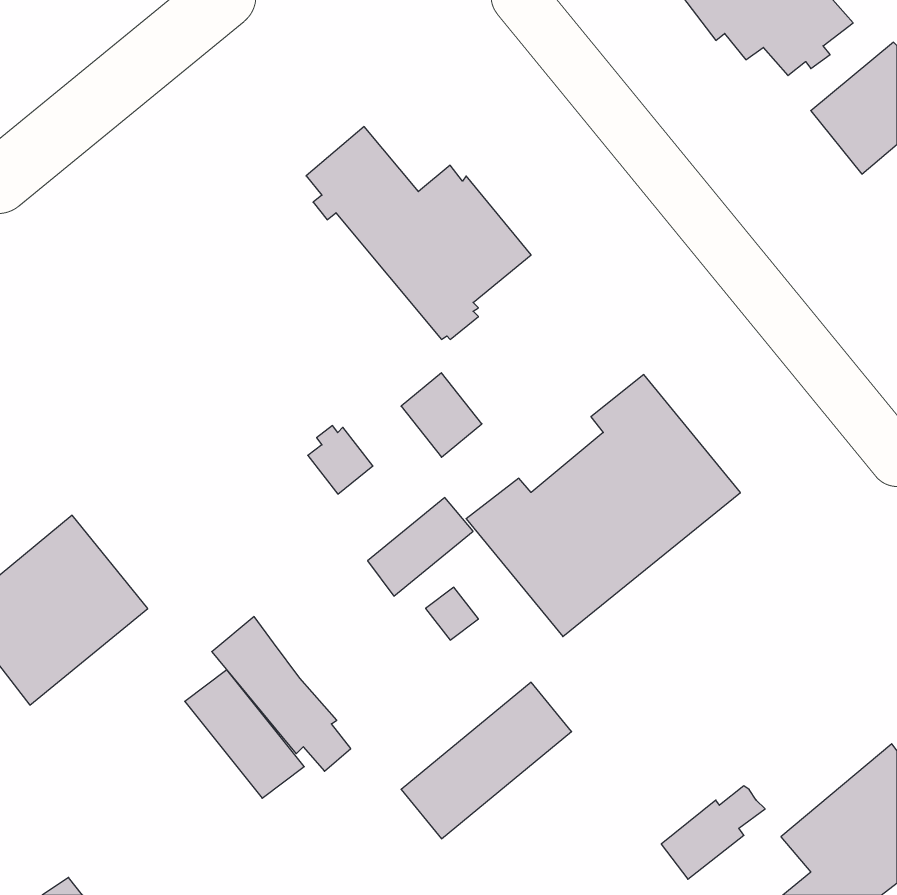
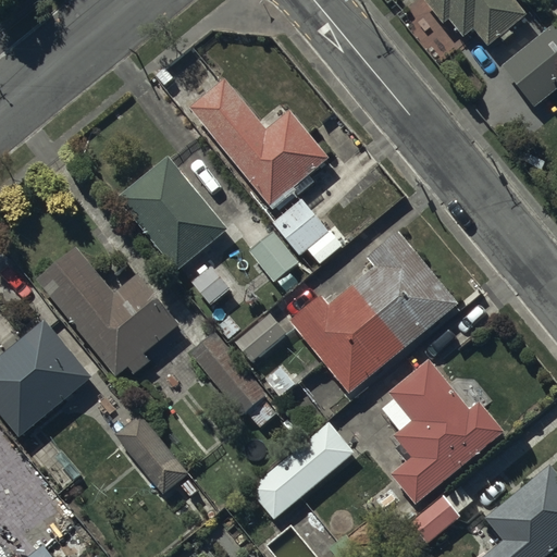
building: none -> [115,157,227,272]
building: none -> [273,199,341,264]
building: none -> [36,246,178,376]
building: none -> [382,360,504,505]
building: [212,617,351,771] -> [189,331,275,426]

